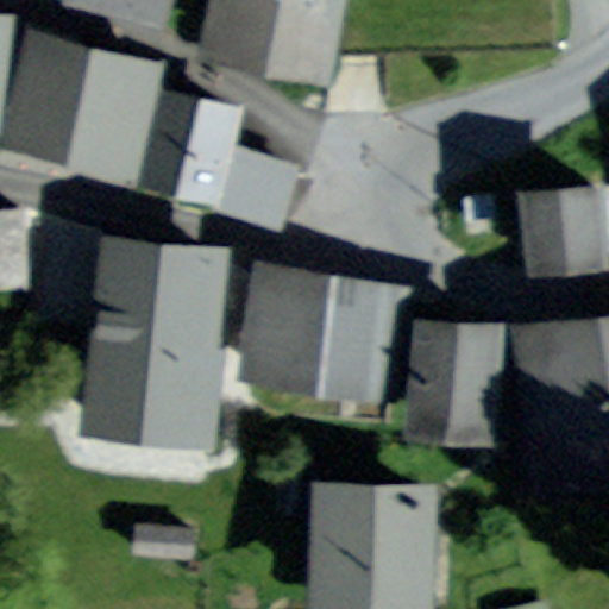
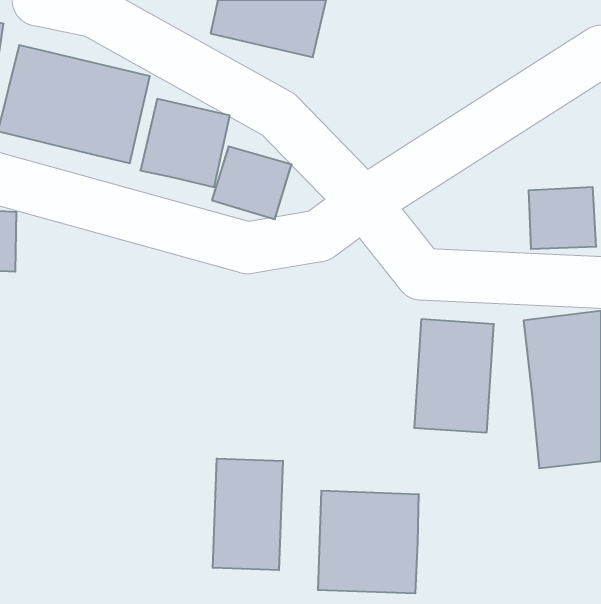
building: [86,252,213,433] -> none
building: [243,280,401,393] -> none
building: none -> [213,458,283,570]

